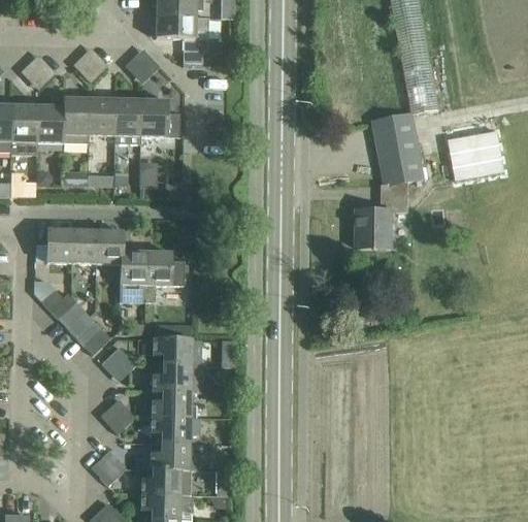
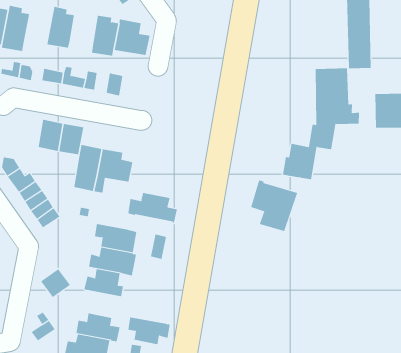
building: [36,97,63,142] -> none
building: [89,98,114,135] -> none
building: [45,228,71,262] -> none
building: none -> [251,179,298,232]
building: none -> [128,192,178,224]
building: [100,346,135,382] -> none
building: [151,417,199,444] -> [127,317,170,345]

